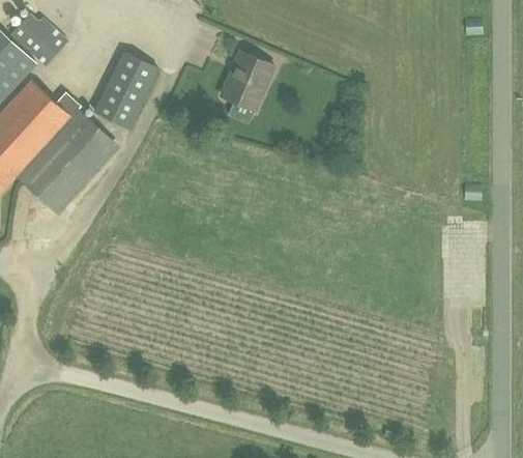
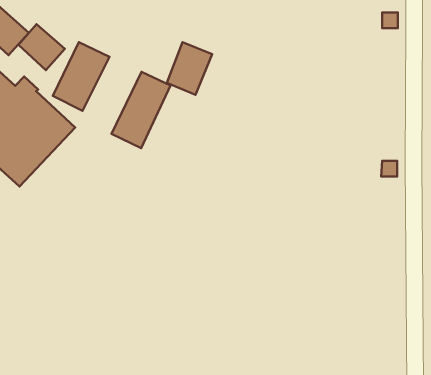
building: none -> [19,24,65,70]
building: none -> [112,72,171,148]

